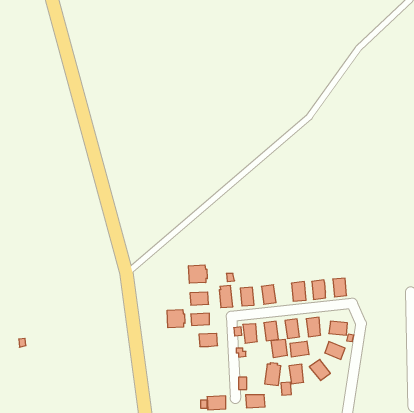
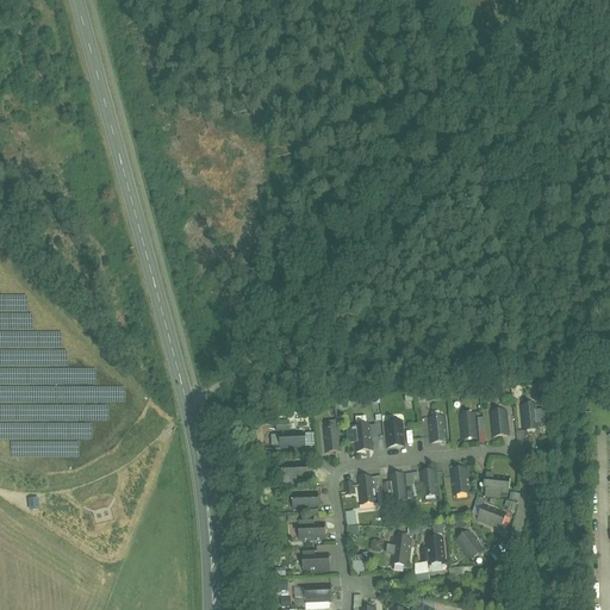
building: [189,265,207,283] -> none
building: none -> [518,402,540,430]
building: [167,310,185,328] -> none
building: [271,339,287,358] -> none
building: [290,341,309,357] -> none
building: none -> [298,521,326,540]
building: [246,395,265,408] -> [301,552,330,571]

